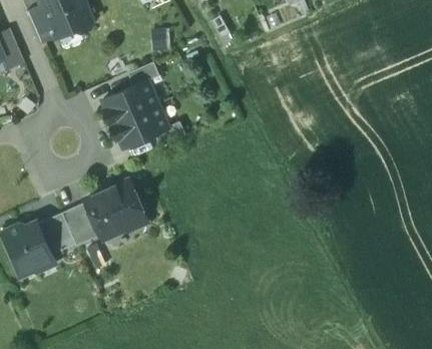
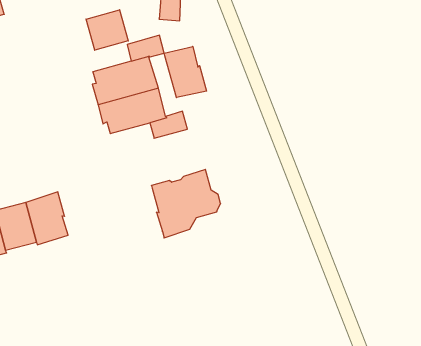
building: none -> [86,10,128,50]
building: none -> [164,46,207,98]
building: [87,180,145,240] -> [151,169,221,238]

